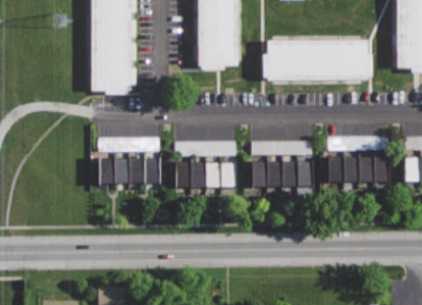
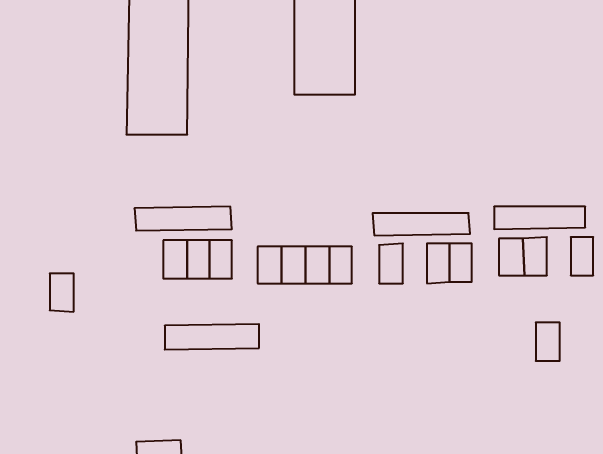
building: [272,41,367,81] -> none
building: [173,142,233,158] -> [165,324,259,350]
building: [359,157,374,182] -> [536,322,560,361]
building: [99,159,114,184] -> [50,273,74,312]
building: [267,161,282,187] -> none

